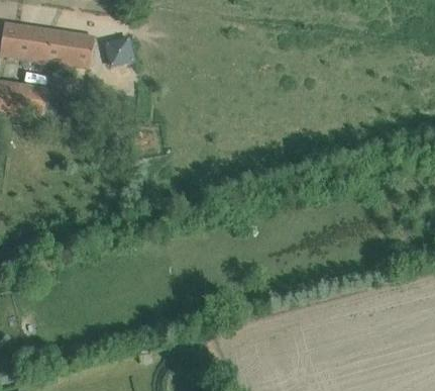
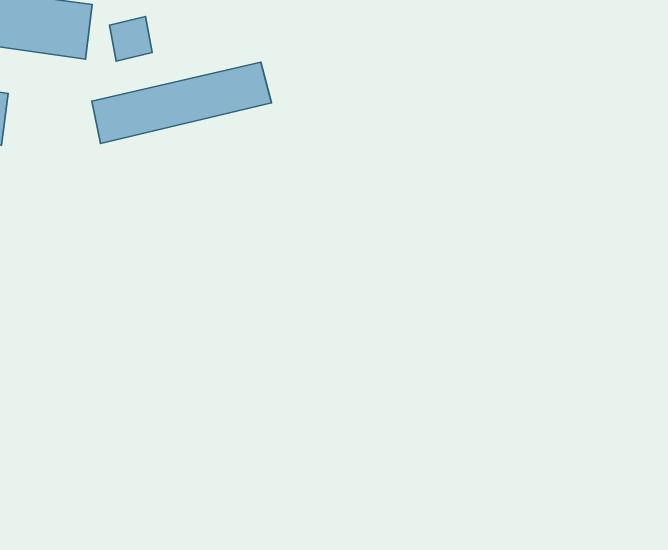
building: none -> [92,62,271,143]

